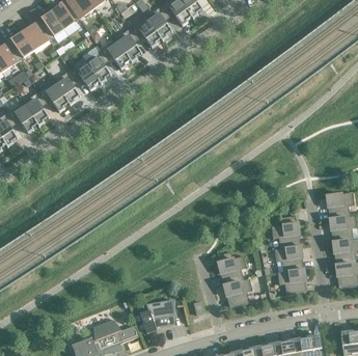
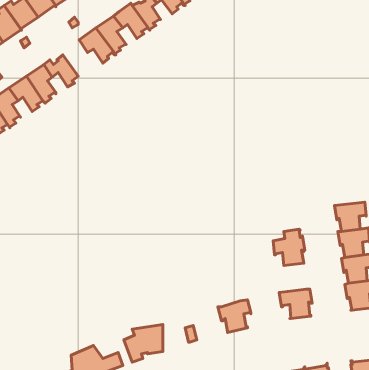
building: [84,49,110,84] -> none
building: [273,246,302,271] -> none
building: [216,251,246,284] -> none

